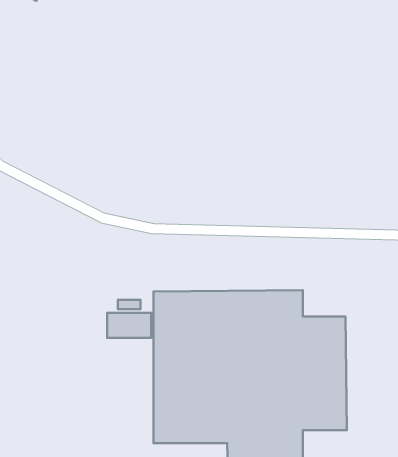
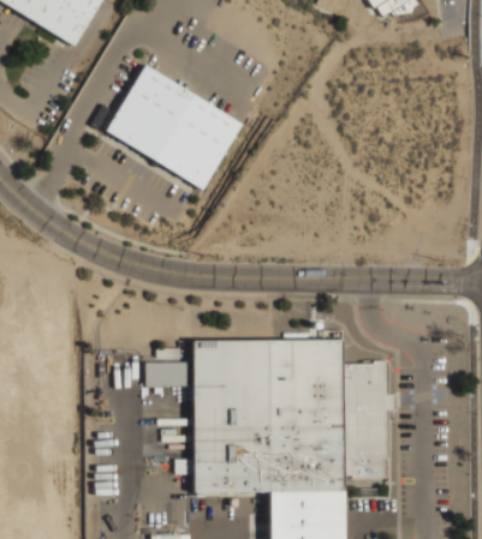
building: none -> [105,62,244,188]

